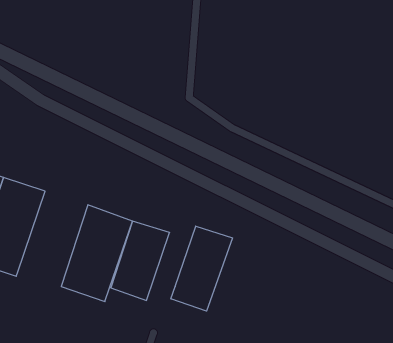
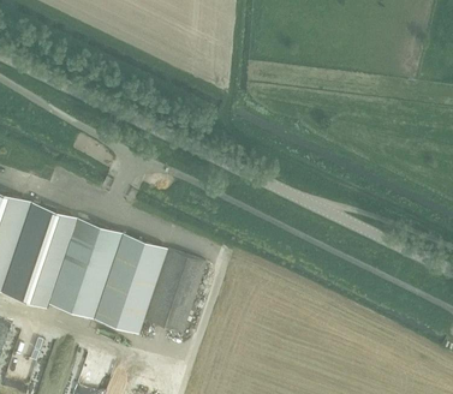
building: none -> [47,219,120,318]
building: [171,226,233,311] -> none

